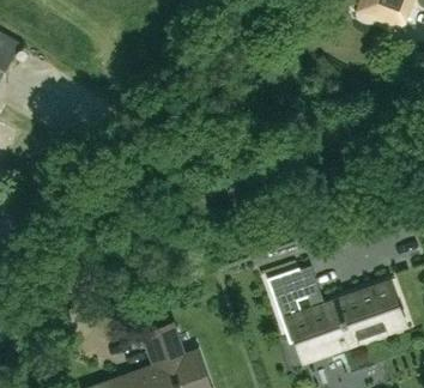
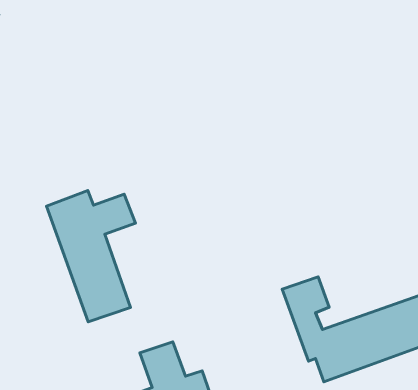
building: none -> [46,191,136,322]

